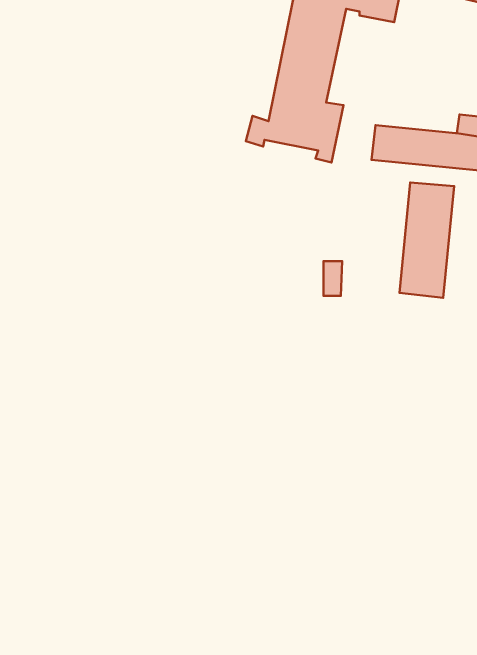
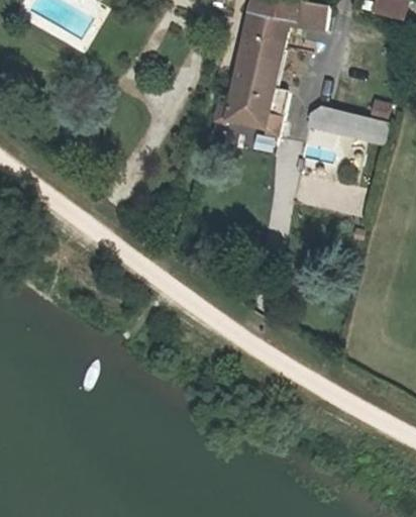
building: [400,183,454,298] -> none

